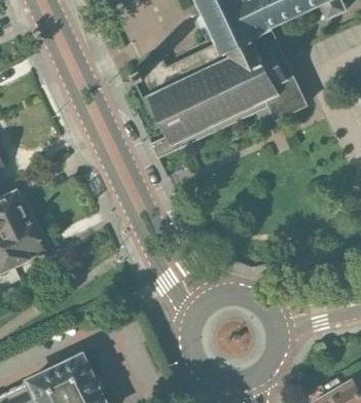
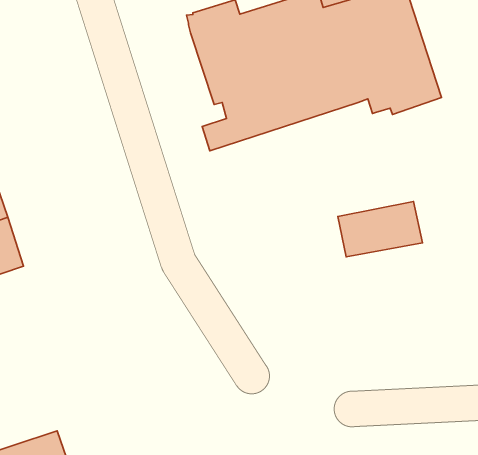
building: none -> [338,202,423,257]

